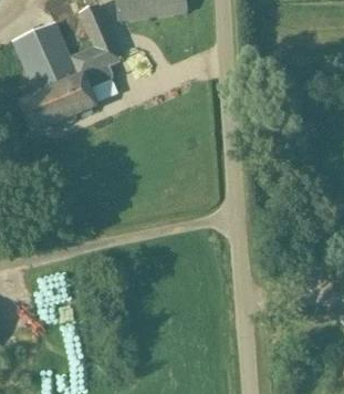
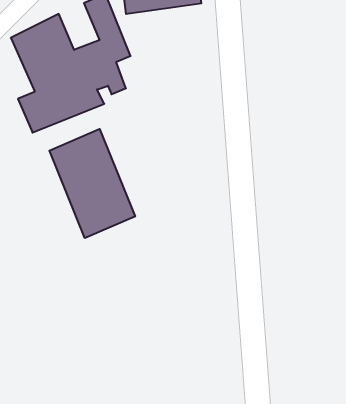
building: none -> [49,129,135,238]

